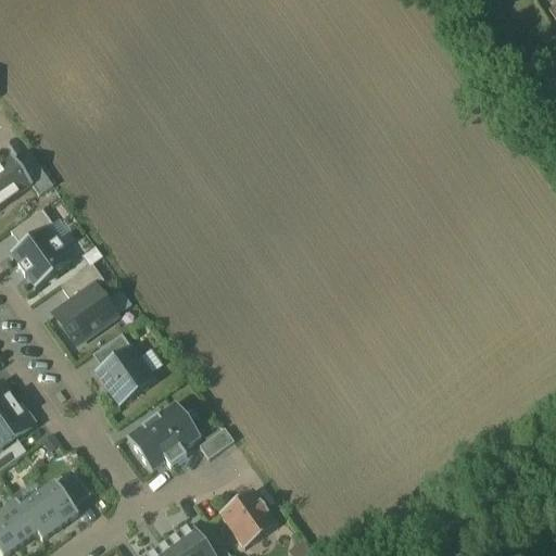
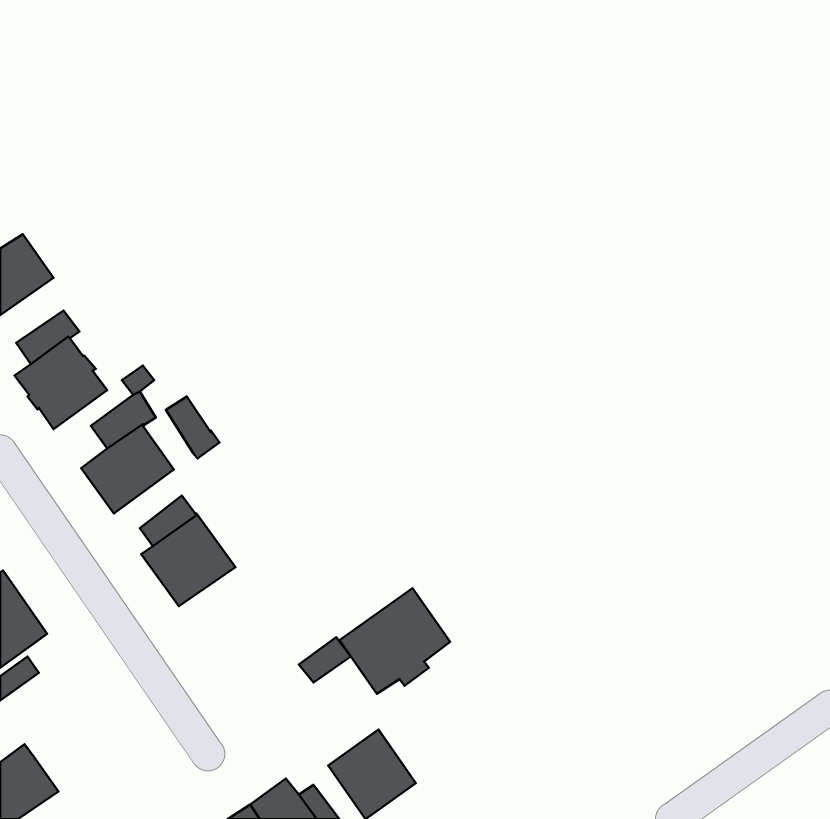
building: none -> [166,397,220,459]
building: [127,400,201,470] -> [340,588,450,694]
building: [23,481,79,536] -> none

